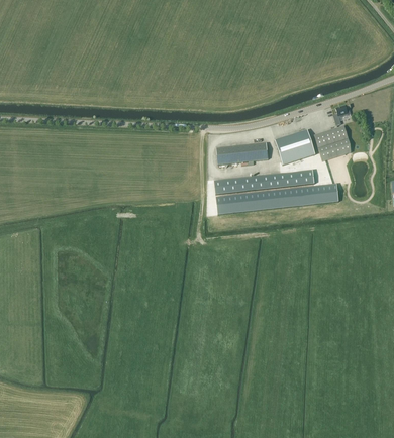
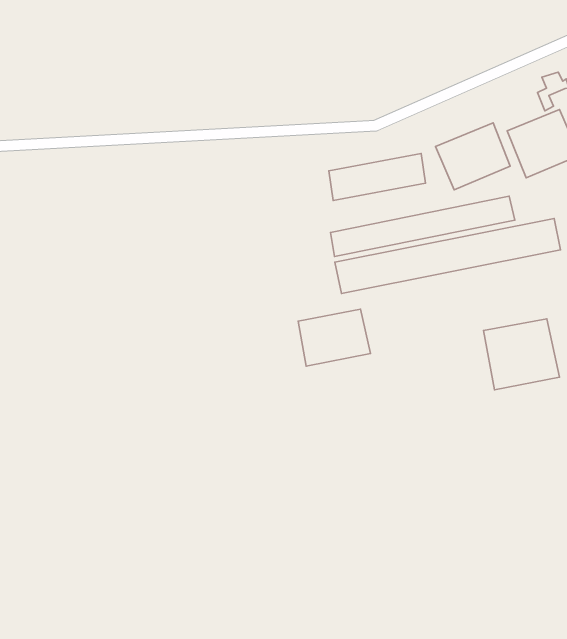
building: none -> [298,309,370,366]
building: none -> [484,319,559,390]

